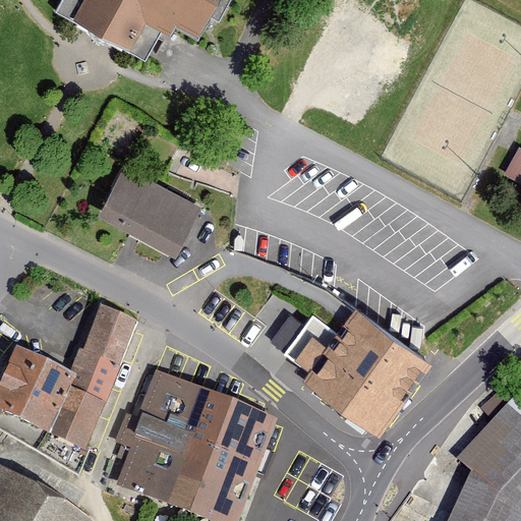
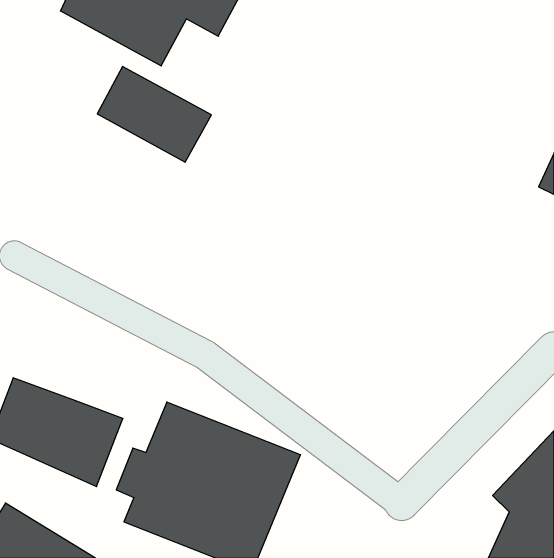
building: [93,167,198,255] -> [97,67,211,162]
building: [70,303,139,388] -> none
building: [279,303,420,425] -> none

